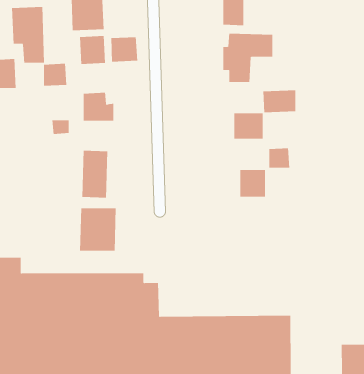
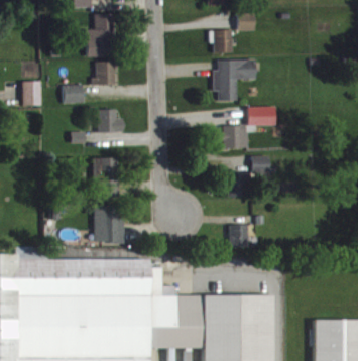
building: [12,6,44,64] -> none
building: [111,37,138,62] -> none
building: none -> [230,224,250,246]

